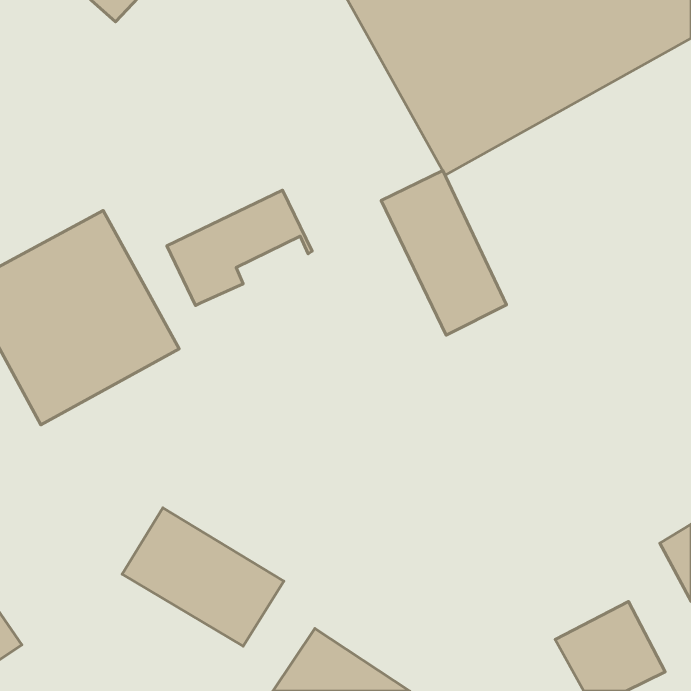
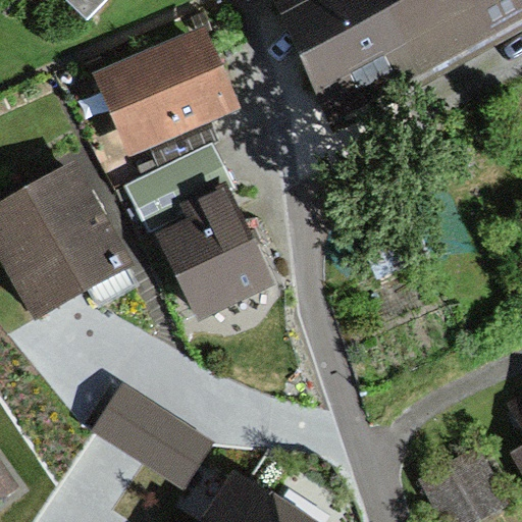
building: none -> [92,23,240,157]
building: [381,170,506,335] -> none
building: none -> [151,177,276,320]

